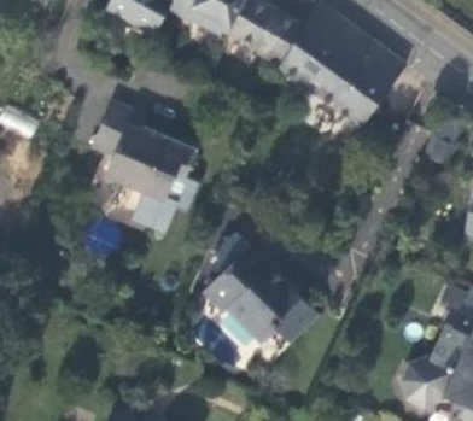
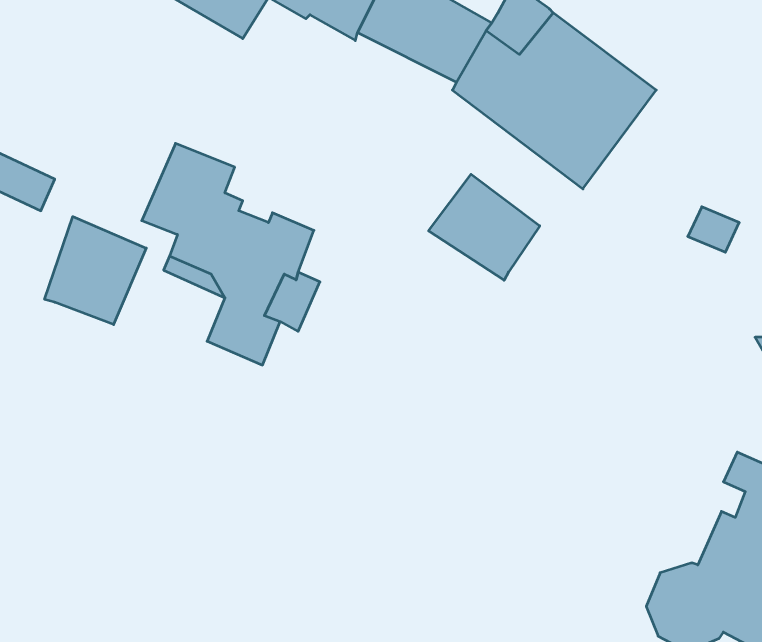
building: none -> [429,174,540,280]
building: none -> [45,217,146,325]
building: [203,246,317,345] -> none

